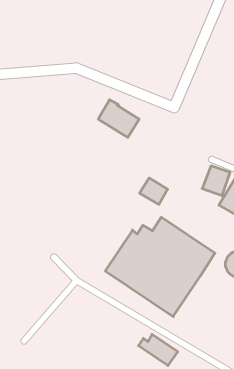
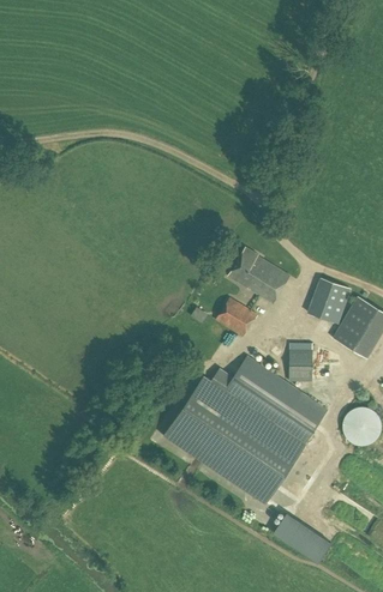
building: [98,100,139,137] -> [228,247,289,303]
building: none -> [288,349,312,382]
building: [138,334,178,366] -> [273,517,331,563]

